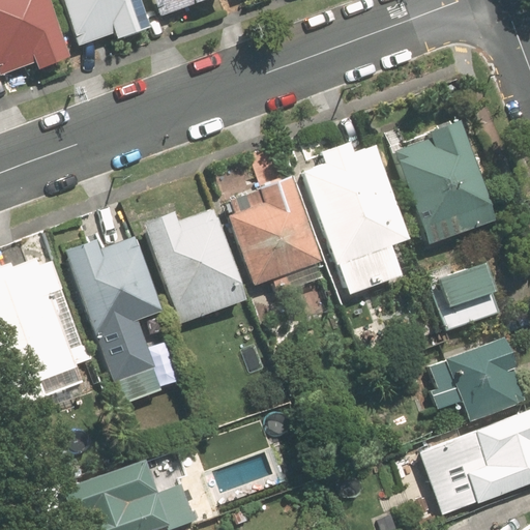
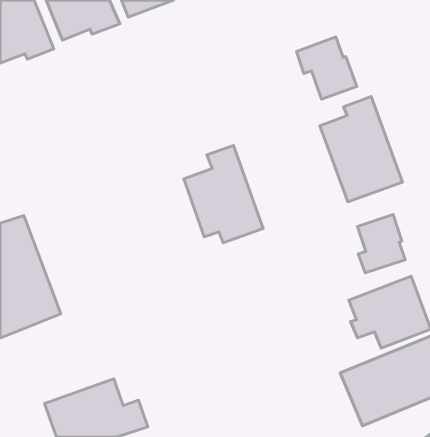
building: none -> [297,37,357,99]
building: [296,140,410,296] -> none
building: [144,207,247,323] -> none
building: [65,235,161,383] -> none

